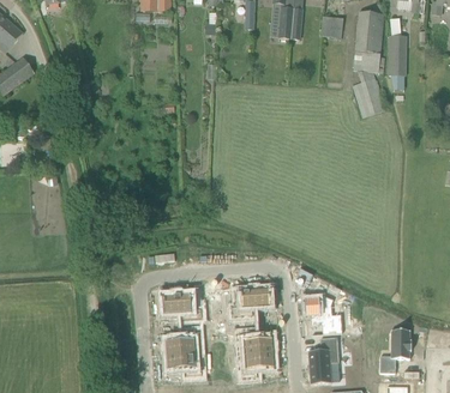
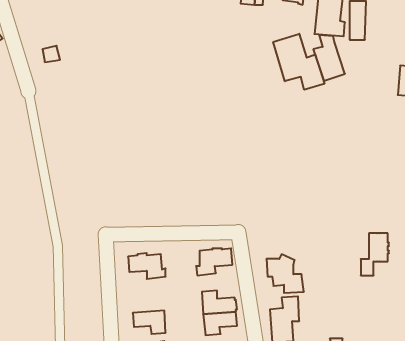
building: none -> [273,34,324,90]
building: [164,329,199,353] -> none
building: [382,329,410,373] -> [361,233,389,275]

